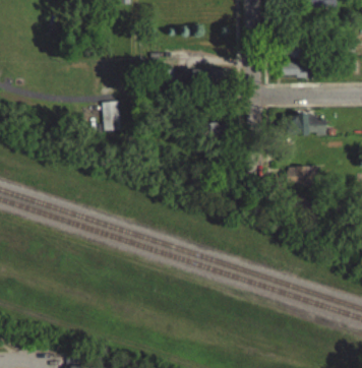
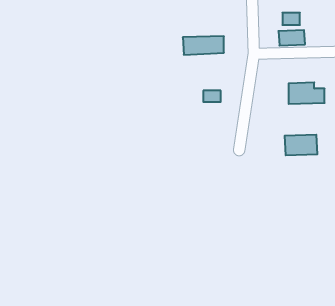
building: [103,102,120,131] -> none

